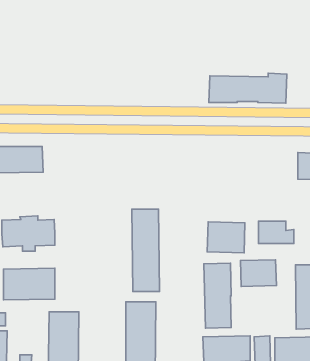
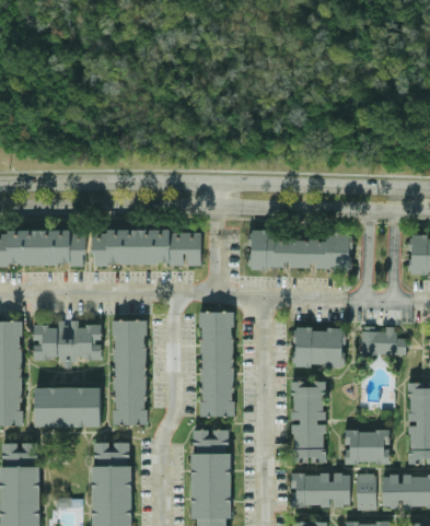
building: [209,73,287,103] -> [251,232,350,270]
building: none -> [93,231,200,266]
building: none -> [113,320,147,425]
building: [240,260,276,286] -> [344,430,390,464]

